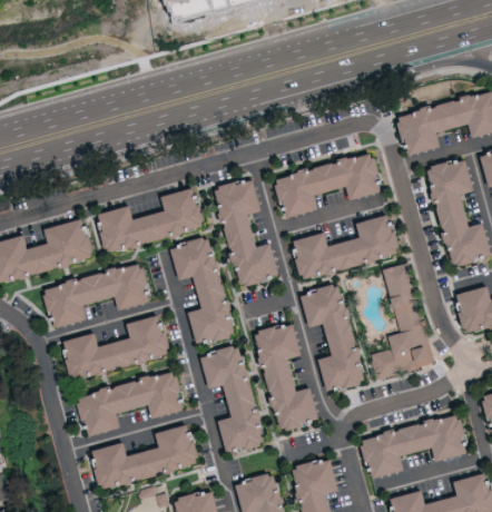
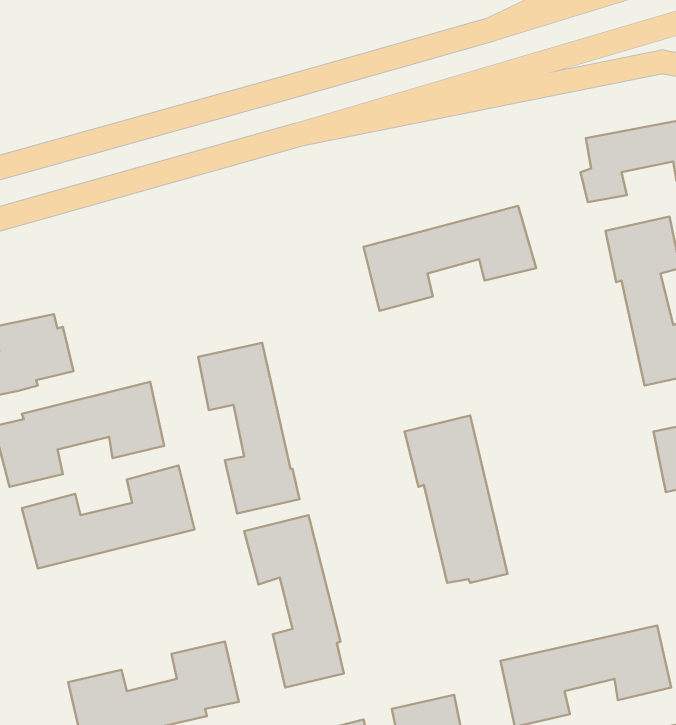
building: [213,180,278,285] -> none
building: [97,189,203,250] -> none
building: [292,215,398,279] -> none
building: [375,263,440,378] -> none
building: [254,324,317,430] -> none
building: [75,372,183,436] -> none

